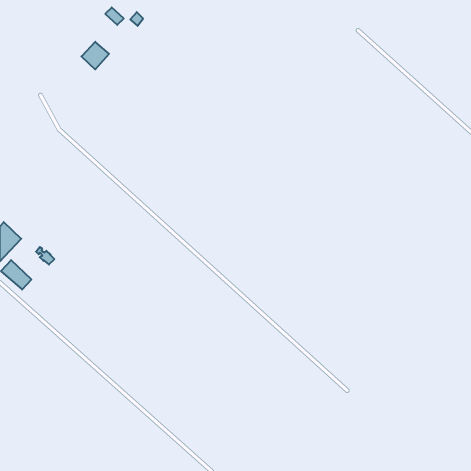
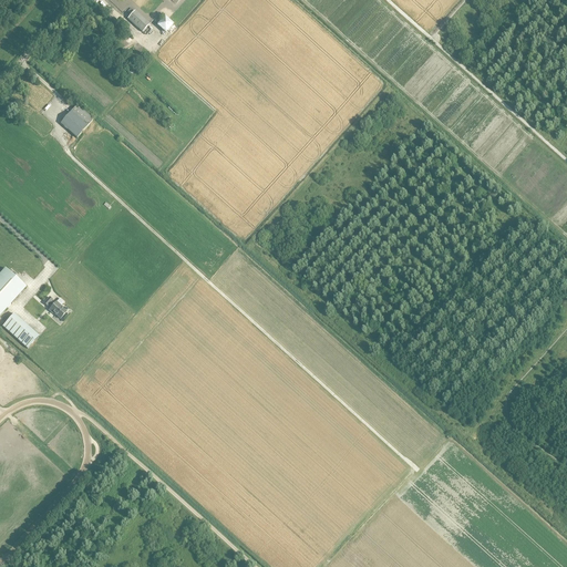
building: [81,42,109,69] -> [59,103,92,136]

